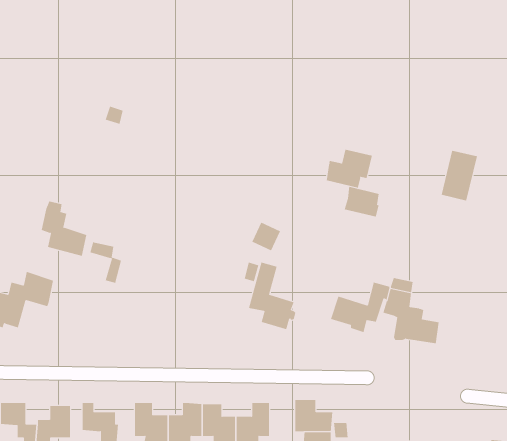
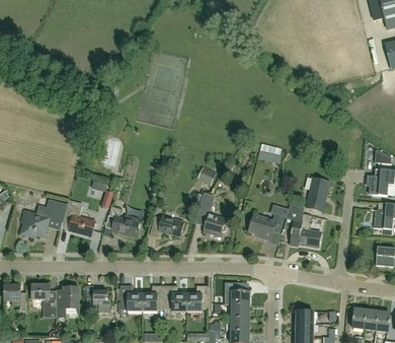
building: [326,149,372,189] -> none
building: [441,150,478,201] -> [305,178,329,211]
building: [41,201,87,257] -> [64,200,94,236]
building: none -> [106,206,139,237]
building: none -> [149,216,184,237]

